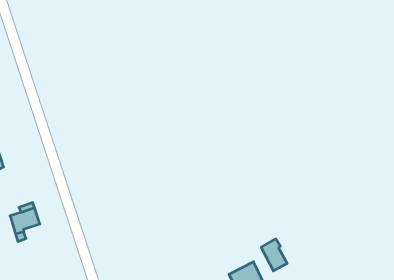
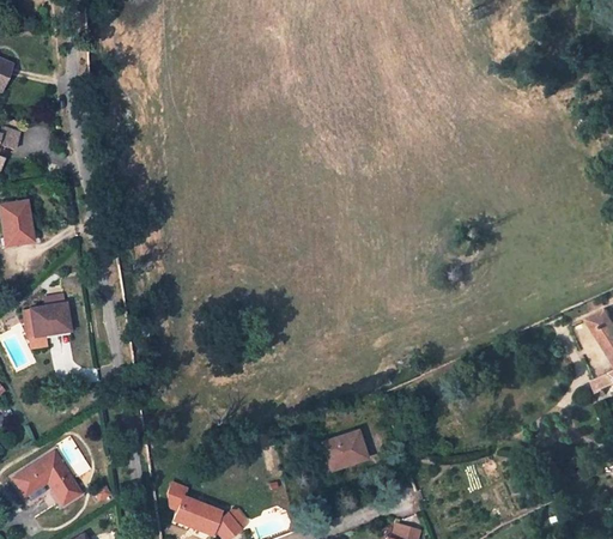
building: [261,239,287,271] -> none

